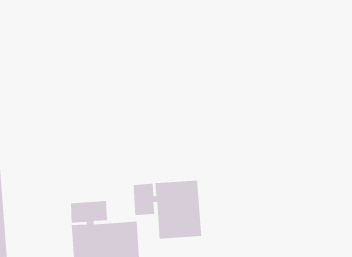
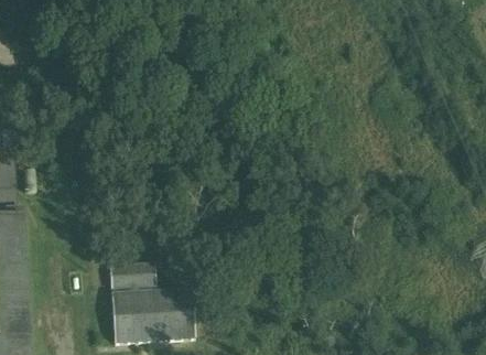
building: [133,180,202,239] -> none

